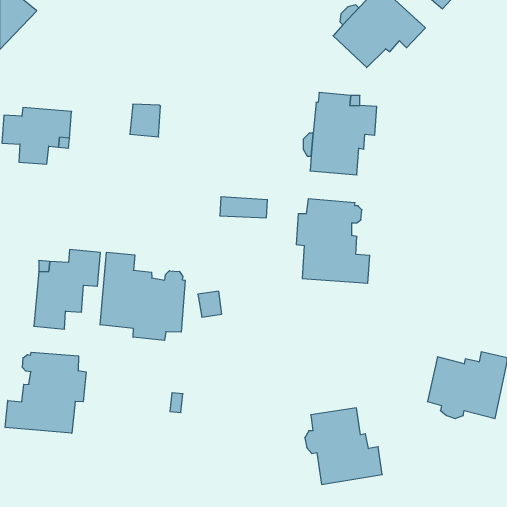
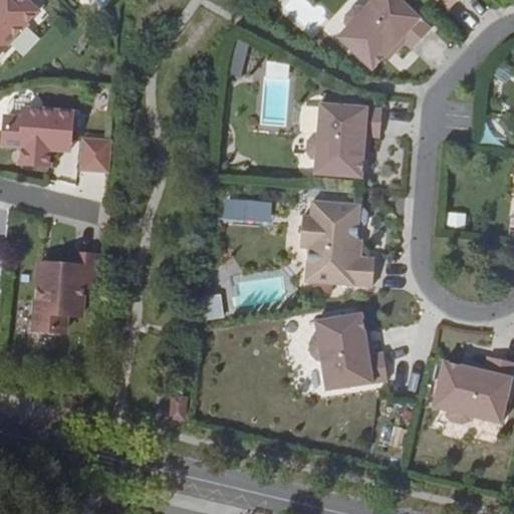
building: [130,104,161,137] -> [79,139,110,172]
building: [100,252,185,340] -> none
building: [5,352,86,433] -> none
building: [305,408,382,484] -> [308,313,387,391]

